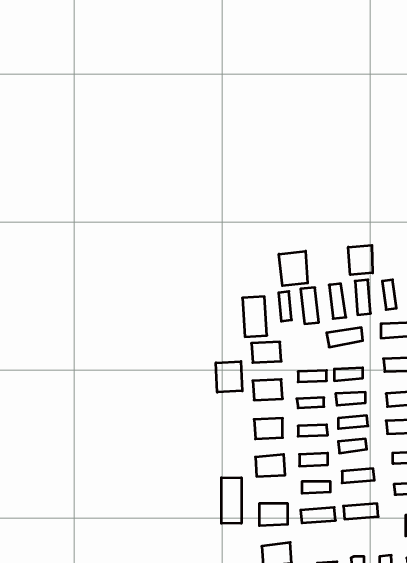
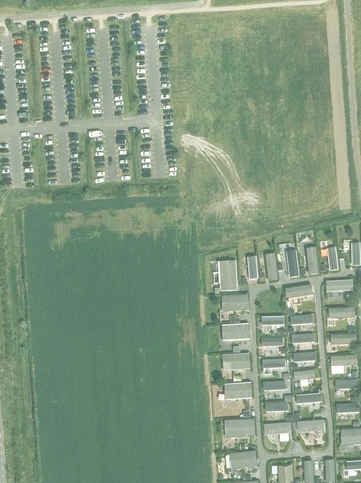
building: [348,245,373,275] -> none
building: [279,251,308,286] -> none
building: [216,361,242,392] -> none
building: [221,478,241,523] -> none

